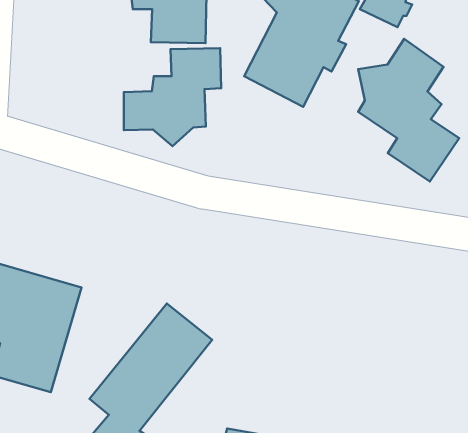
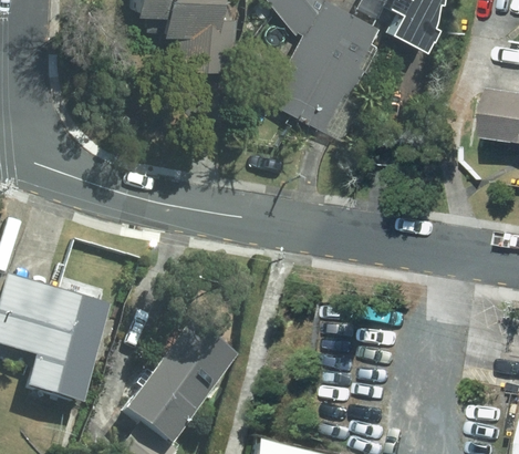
building: [358,39,459,182] -> none
building: [124,48,221,146] -> none

